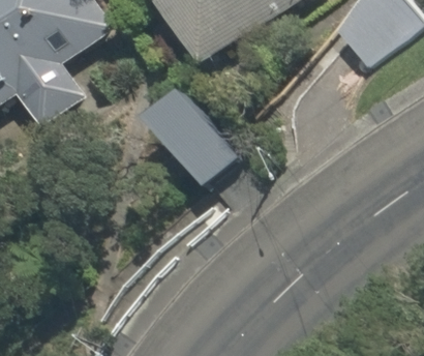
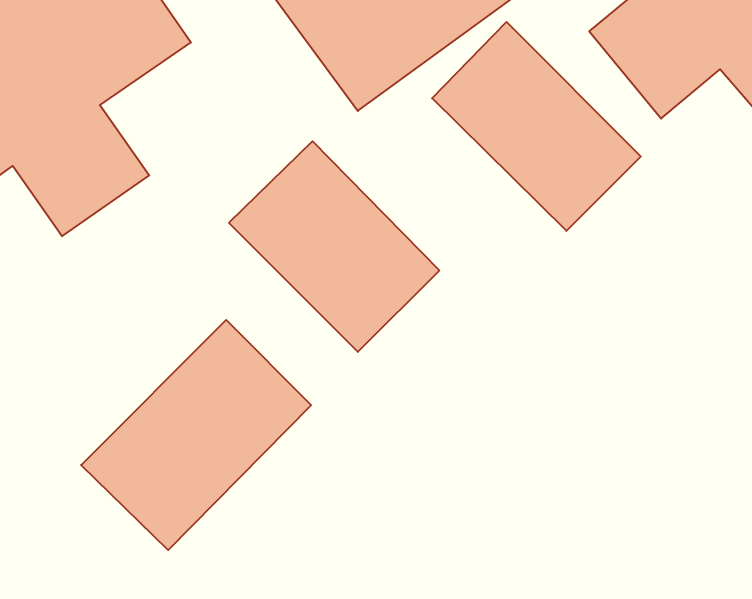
building: none -> [432,22,641,231]
building: none -> [81,320,311,550]

